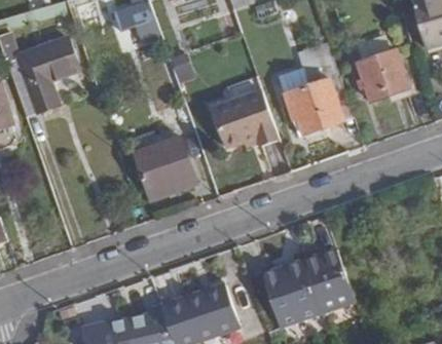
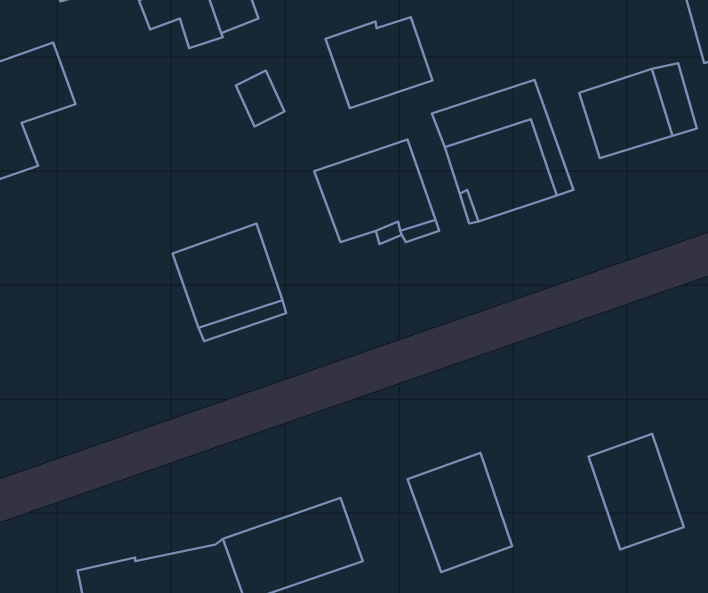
building: none -> [326,17,433,108]
building: [302,251,355,314] -> [589,434,684,550]

